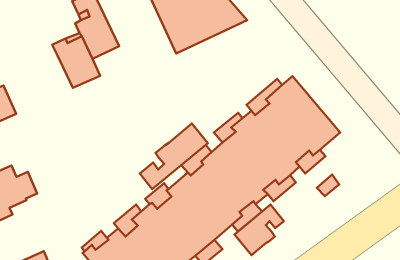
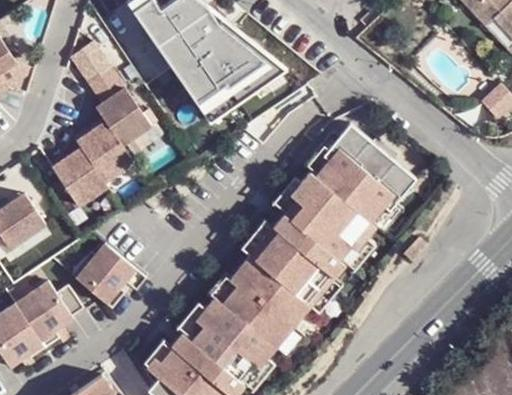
building: none -> [48,147,104,206]
building: [140,124,208,189] -> none
building: none -> [69,245,143,310]
building: [234,204,284,255] -> none

